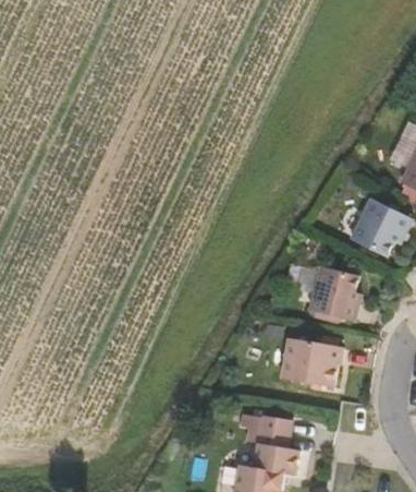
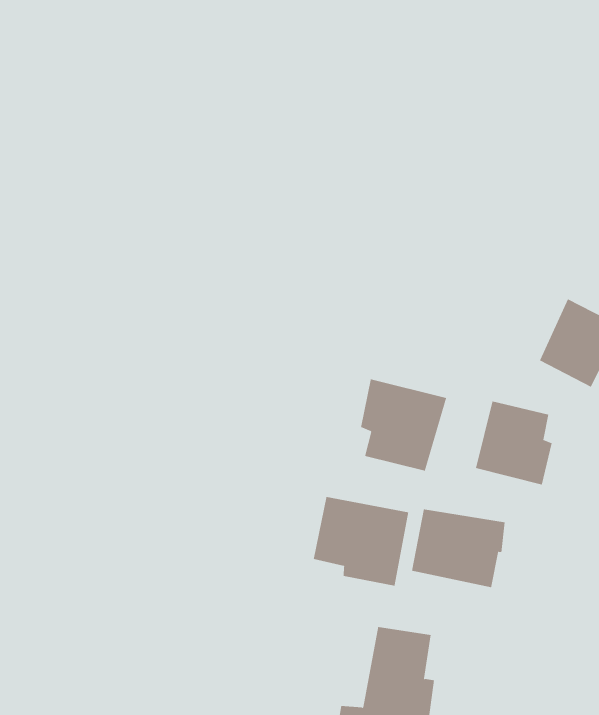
building: none -> [360,378,447,472]
building: none -> [313,496,409,587]

